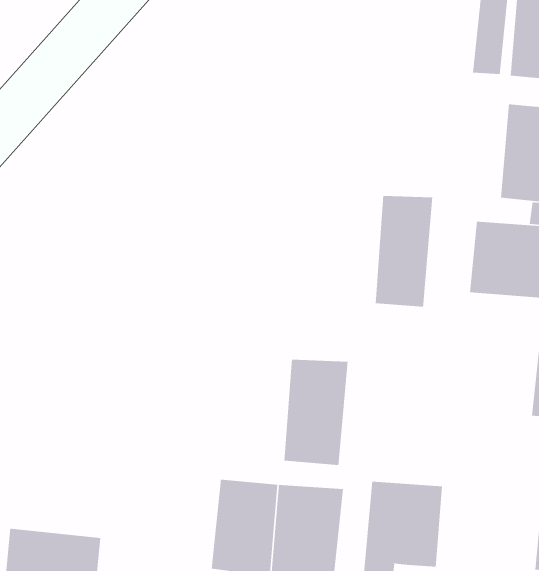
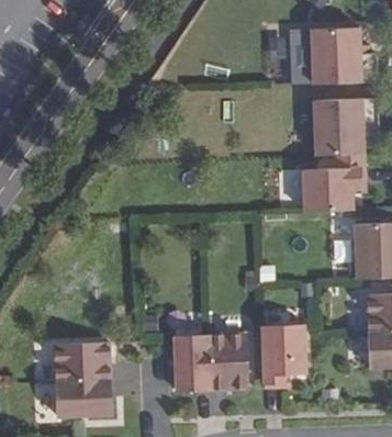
building: [375,195,433,308] -> none
building: [284,359,348,466] -> none
building: none -> [55,341,110,381]

